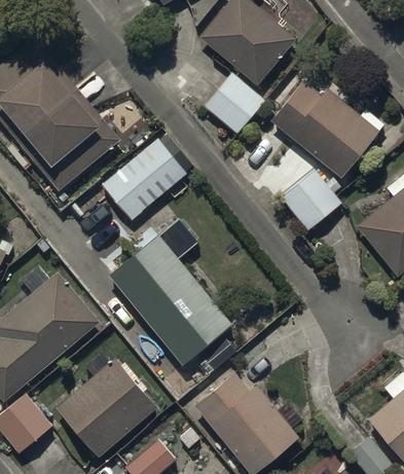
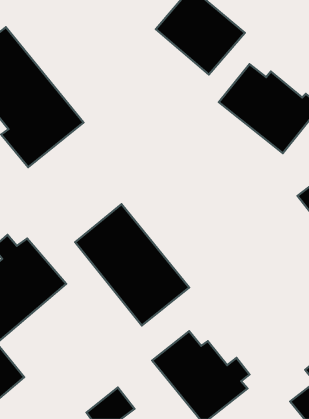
building: [200,71,265,136] -> none
building: [100,134,189,219] -> none
building: [281,170,342,231] -> none
building: [52,351,155,459] -> none

